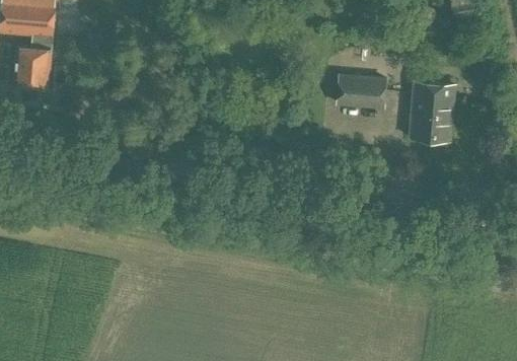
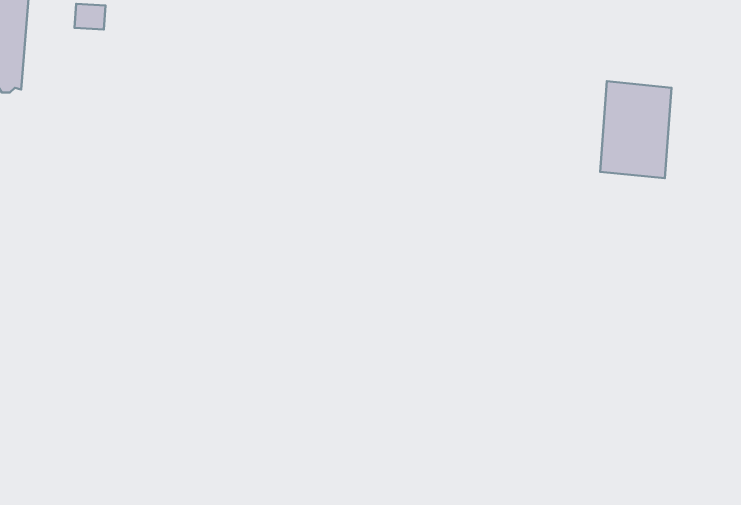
building: [336,74,387,109] -> none

